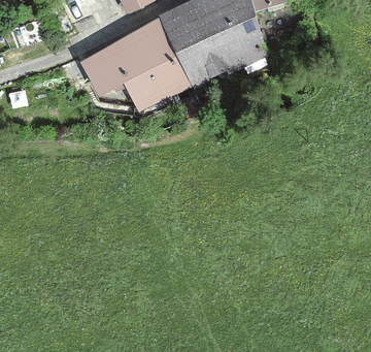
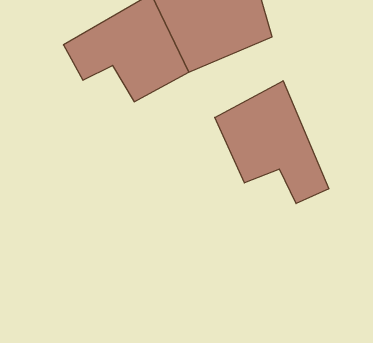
building: none -> [215,81,329,204]

